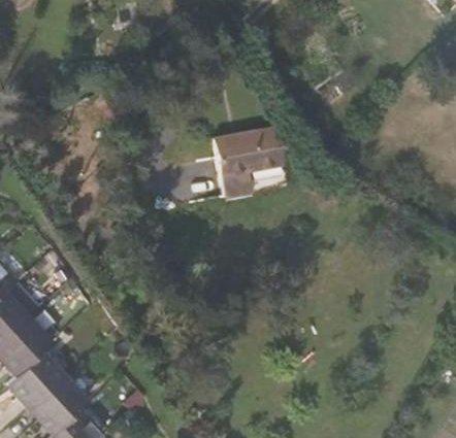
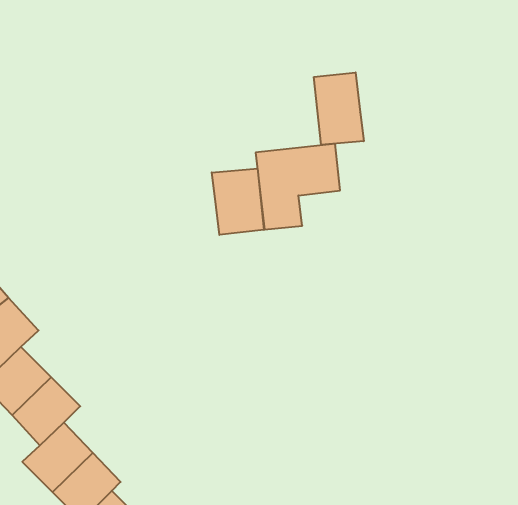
building: none -> [314,72,364,145]
building: none -> [212,168,264,235]

